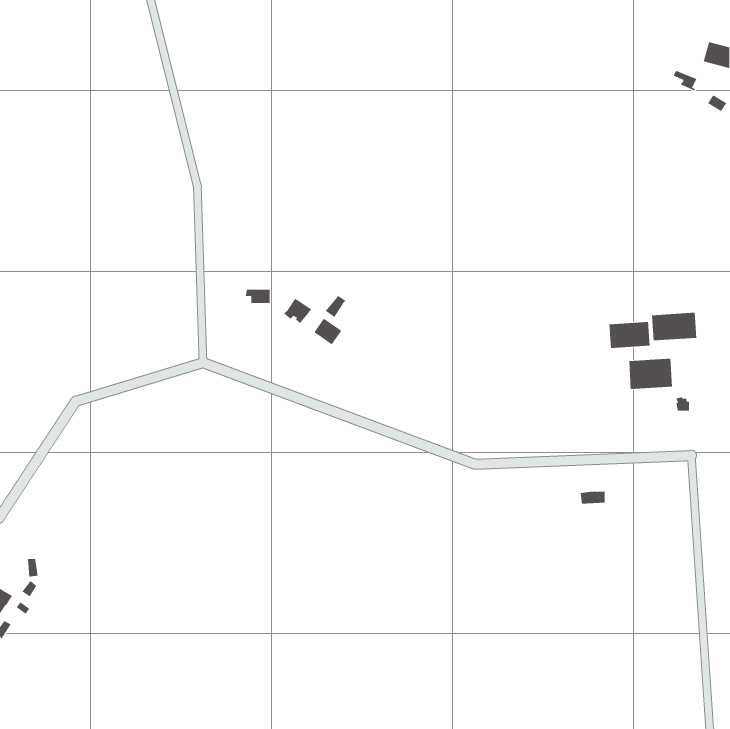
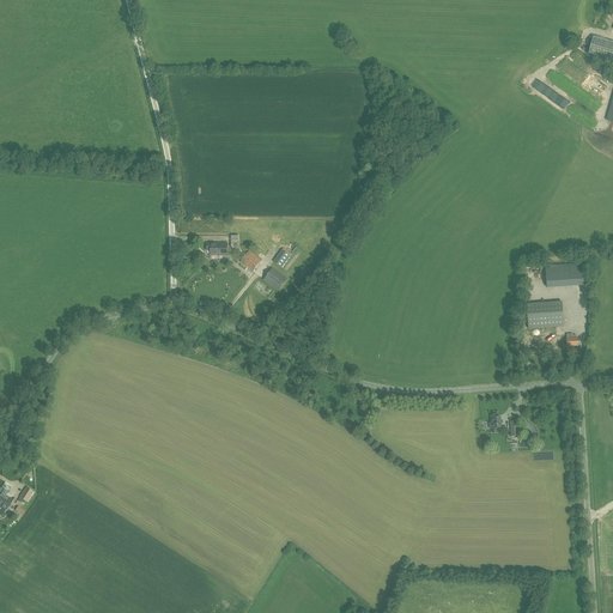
building: [609,321,650,349] -> none

